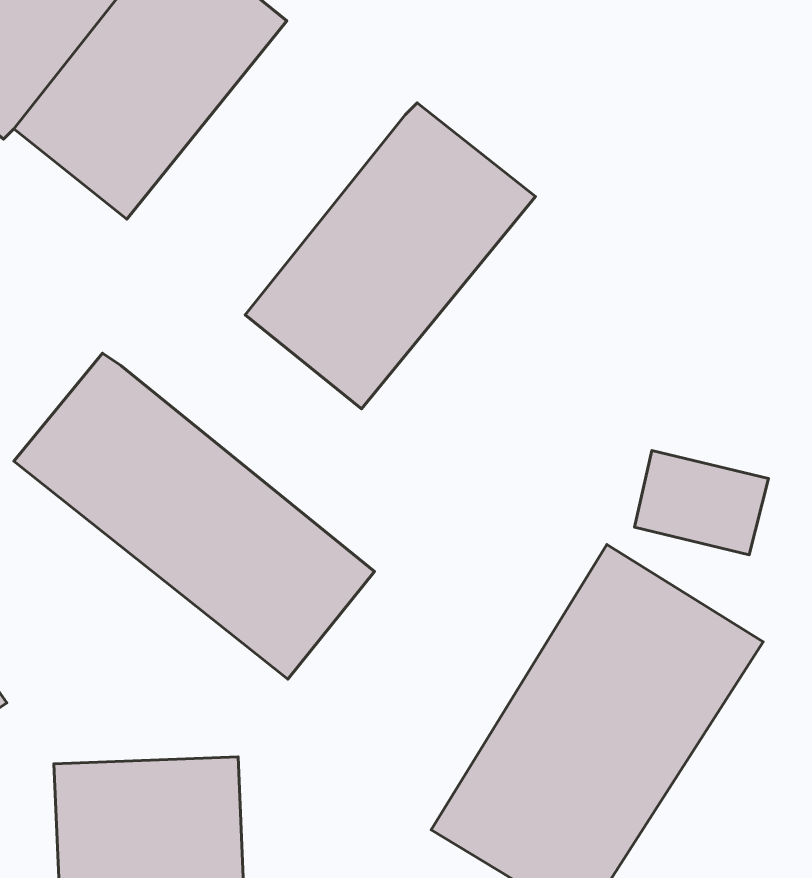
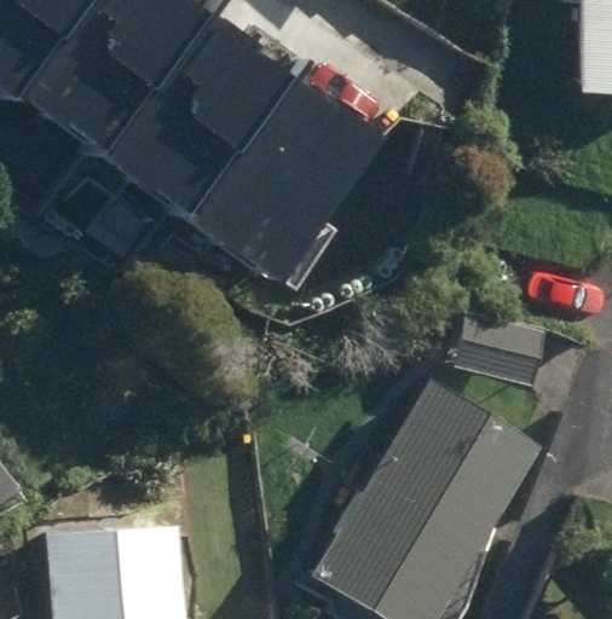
building: none -> [102,16,295,220]
building: [14,353,375,679] -> none

